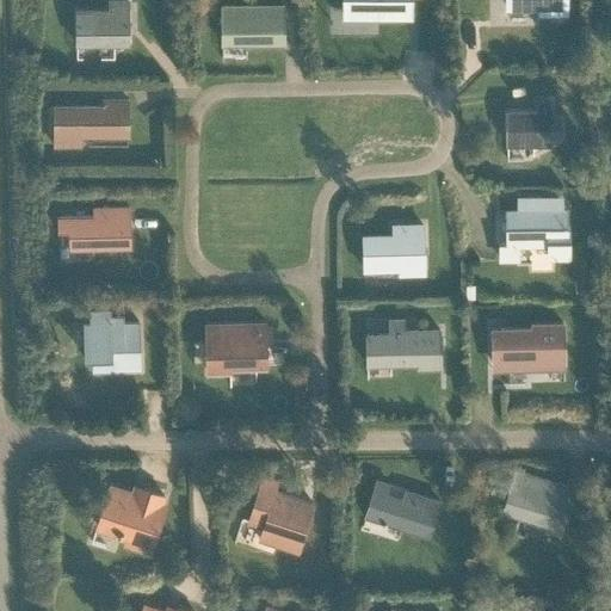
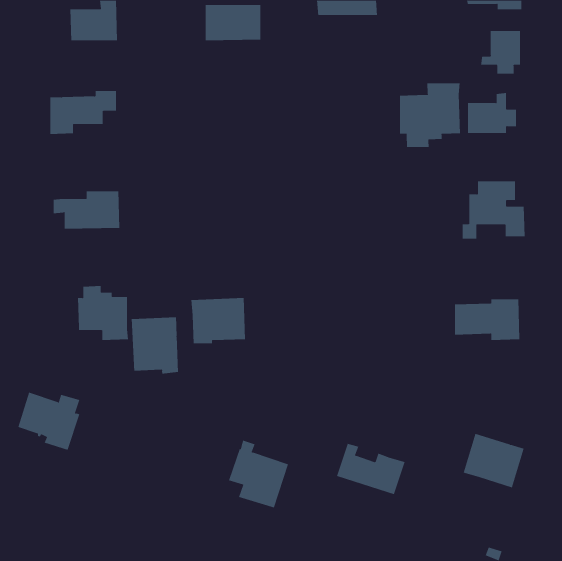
building: none -> [481,30,520,74]
building: none -> [399,83,461,148]
building: [364,227,426,278] -> none
building: [366,319,442,371] -> none
building: none -> [131,317,179,374]
building: [97,488,165,551] -> [17,392,80,450]

